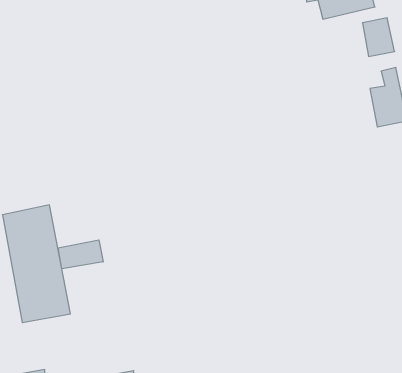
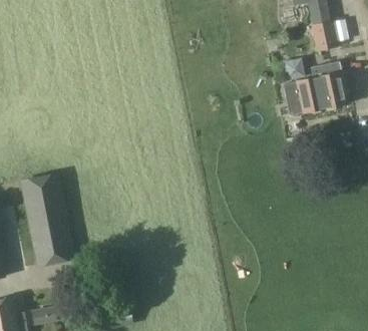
building: none -> [282,76,323,115]
building: [58,240,103,269] -> none

